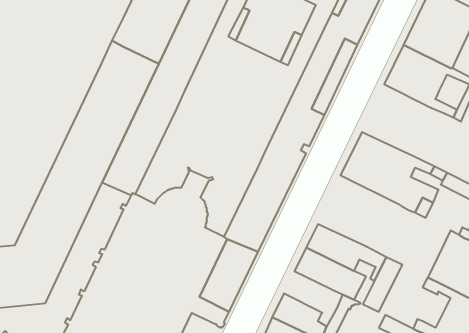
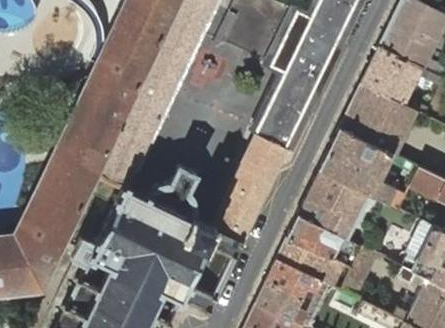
building: none -> [339,84,416,155]
building: none -> [298,169,376,236]
building: none -> [266,259,321,298]

